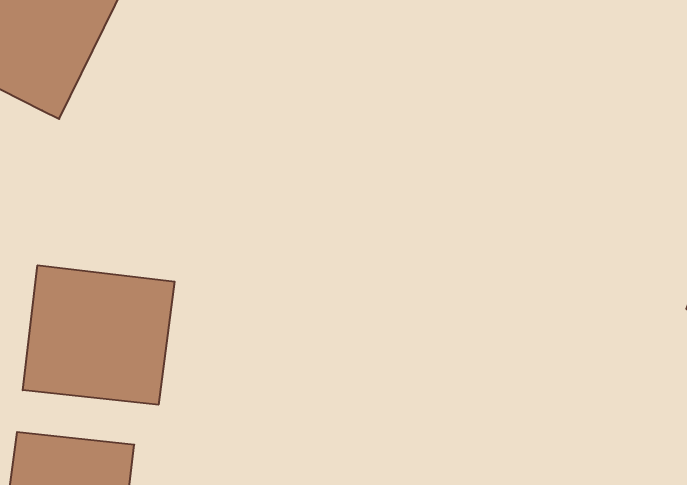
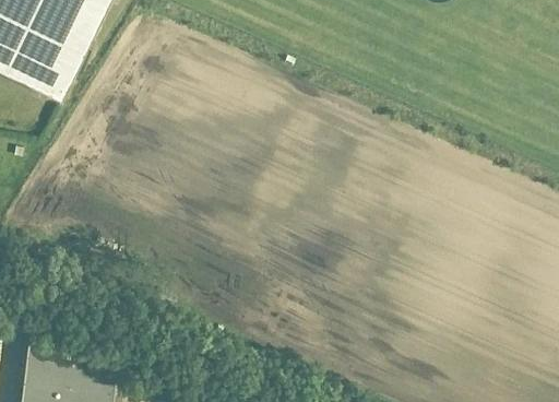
building: [23,265,175,405] -> none

